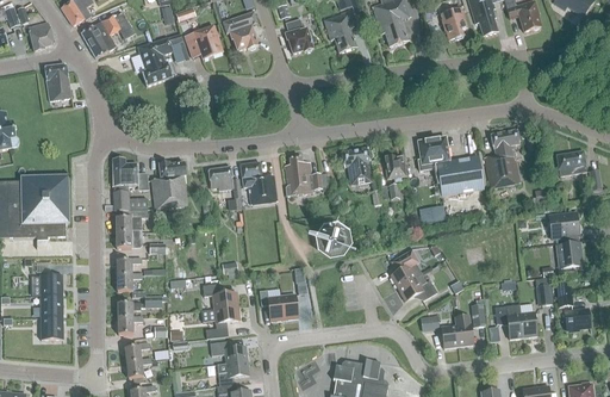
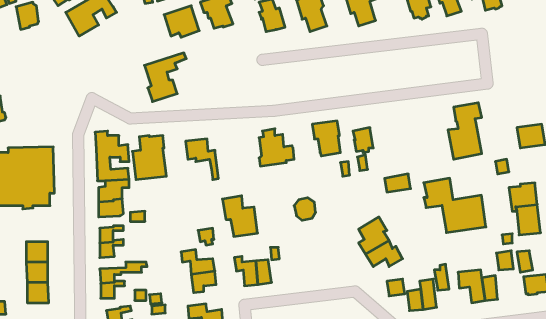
building: [138,33,182,85] -> [144,53,186,102]
building: [44,63,70,99] -> none
building: [417,137,483,194] -> [424,178,486,233]
building: [239,161,276,204] -> [222,196,258,236]

